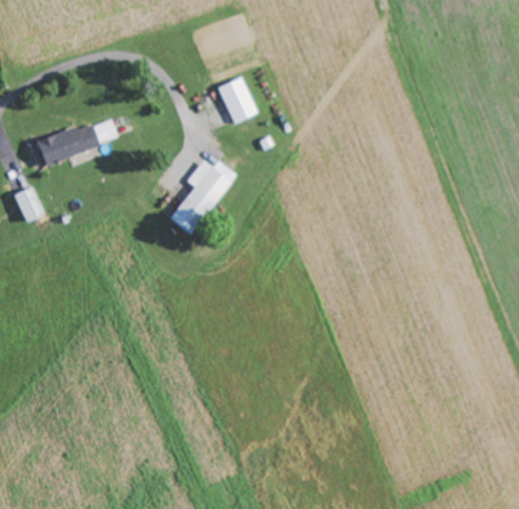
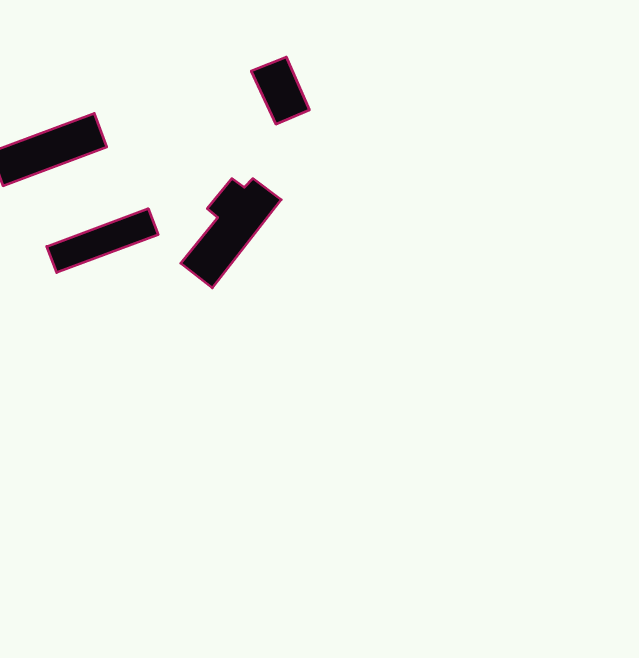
building: none -> [47,209,158,273]

